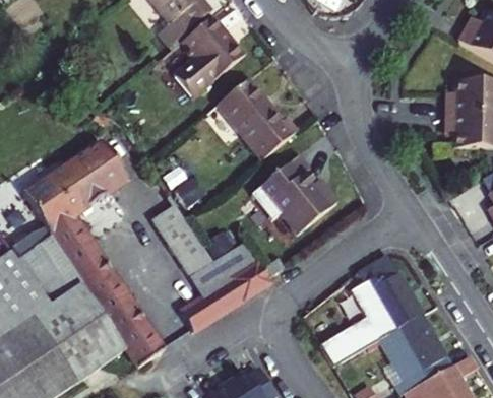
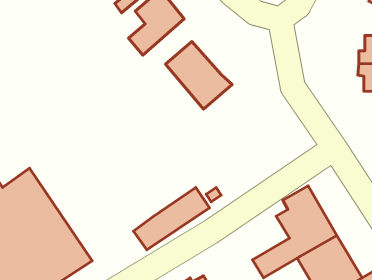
building: [24,141,165,363] -> none
building: [257,165,332,236] -> none
building: [157,214,252,292] -> none

